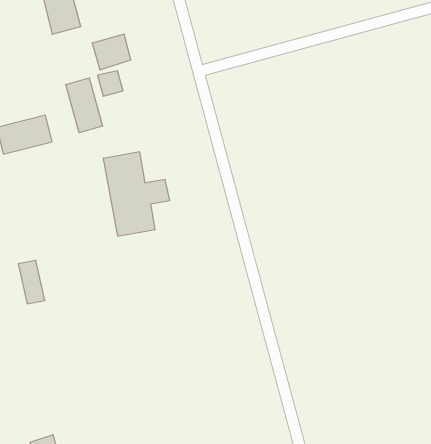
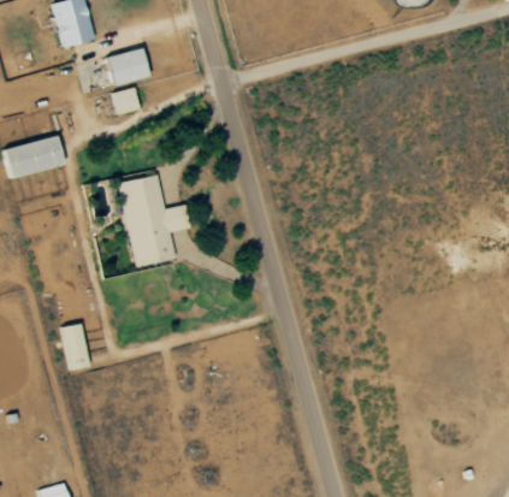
building: [66,78,103,133] -> none
building: [18,260,45,304] -> [61,323,90,369]

